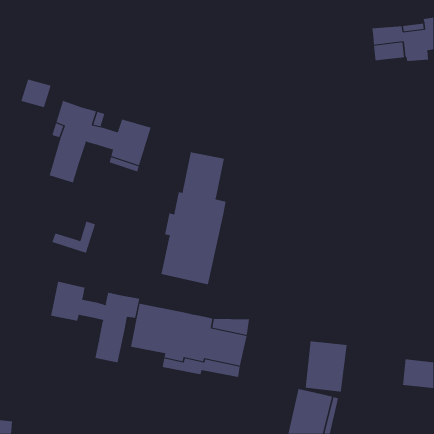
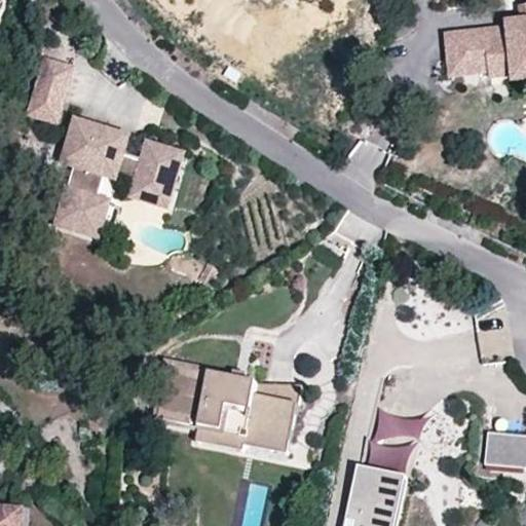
building: none -> [33,58,73,103]
building: [161,151,226,285] -> none
building: [51,221,96,253] -> [54,196,108,235]
building: [50,281,140,363] -> none

